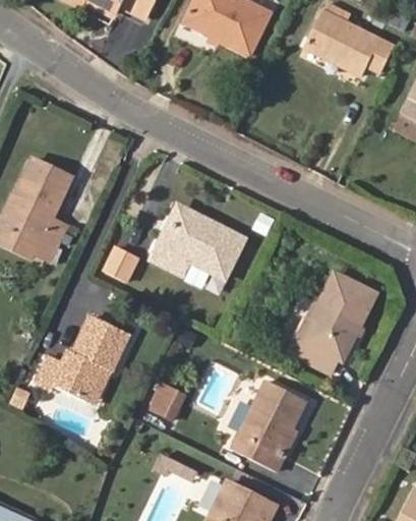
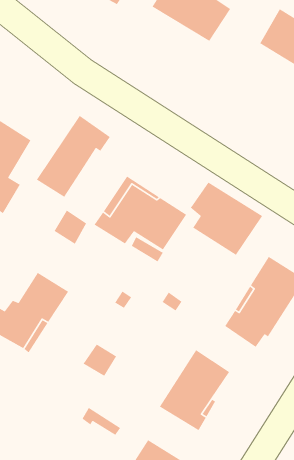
building: none -> [36,115,111,198]
building: none -> [190,181,263,256]

